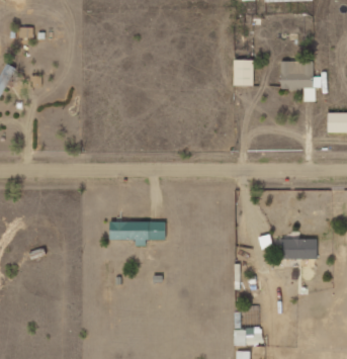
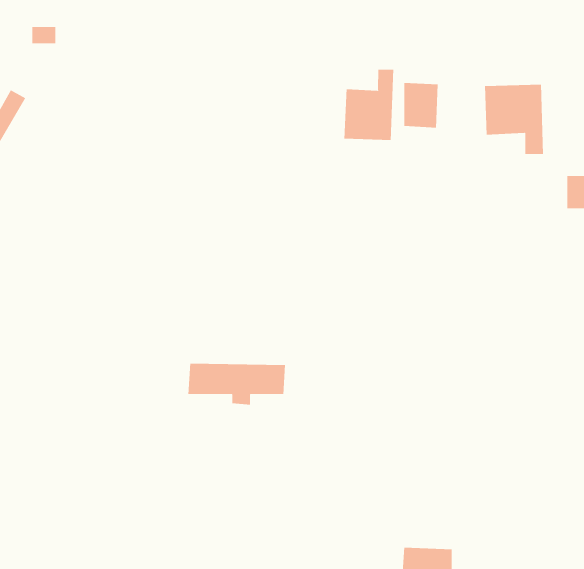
building: none -> [344,69,394,141]
building: [280,239,317,259] -> none

